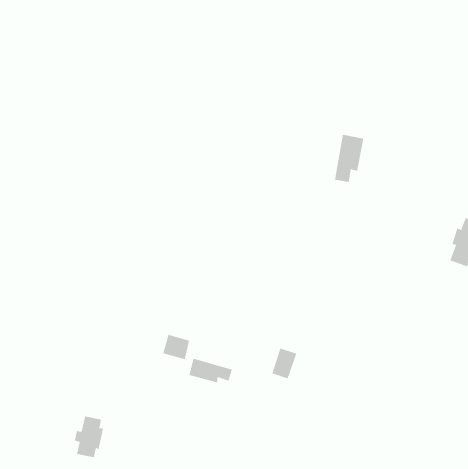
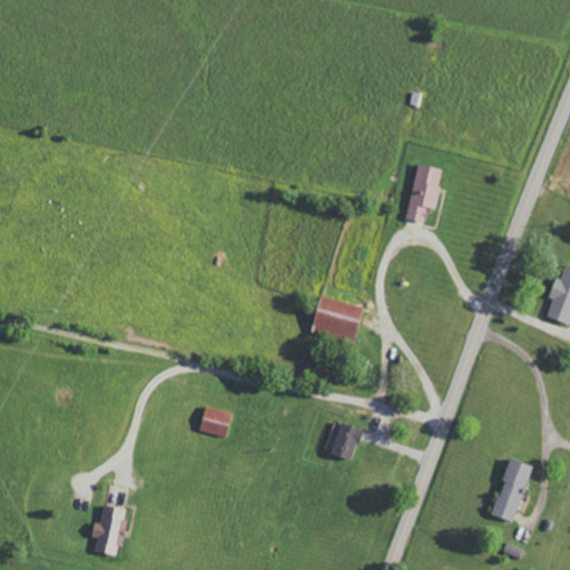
building: none -> [309,294,363,342]
building: [189,358,232,383] -> none
building: none -> [492,458,532,521]

